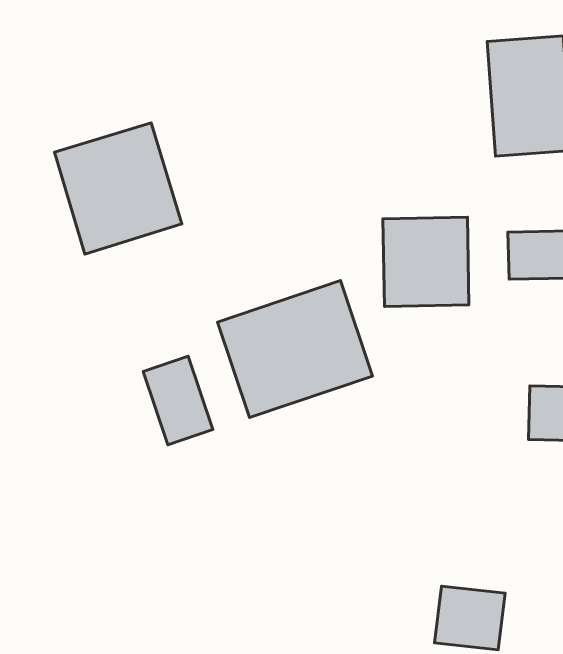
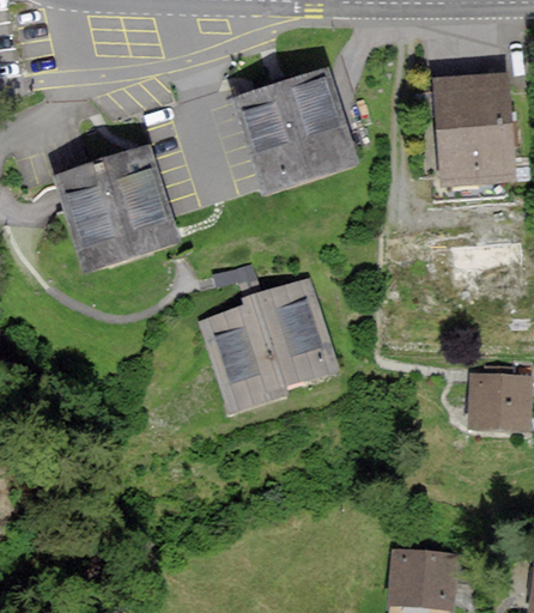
building: none -> [239,72,351,184]
building: [383,217,469,306] -> none
building: [143,356,213,445] -> none

